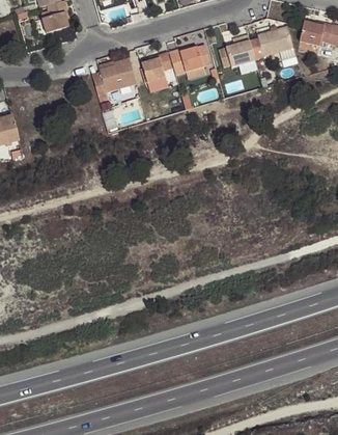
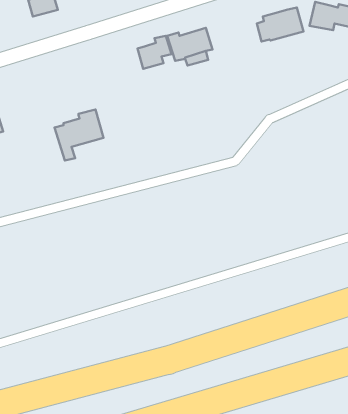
building: [218,33,259,73] -> none
building: [91,57,136,104] -> [55,109,103,161]

